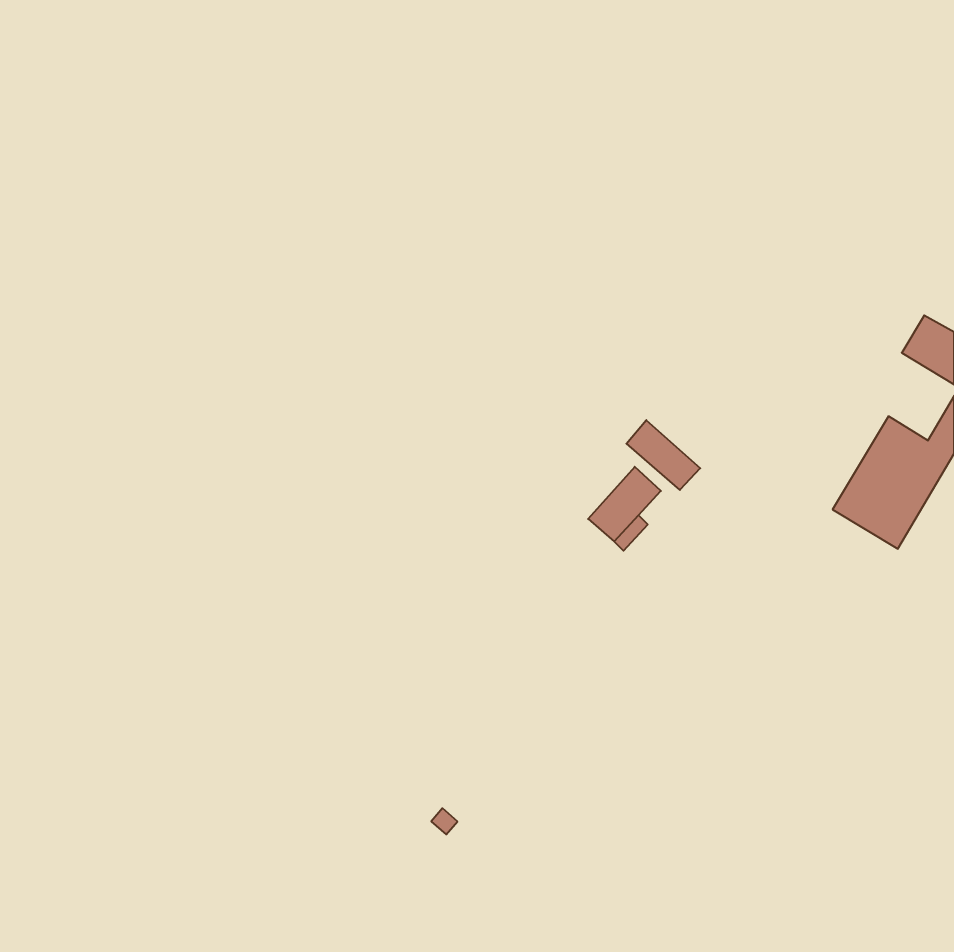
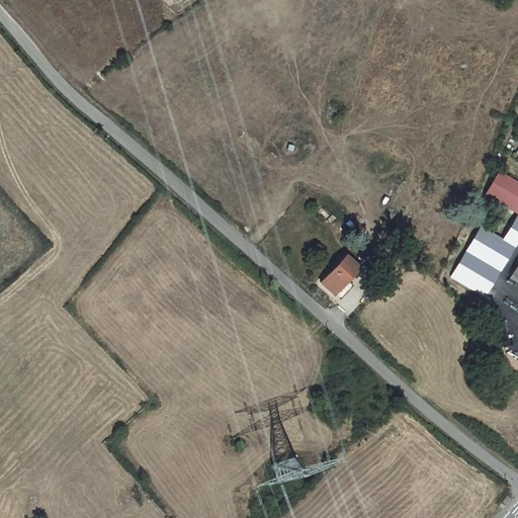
building: [626,420,700,490] -> none

